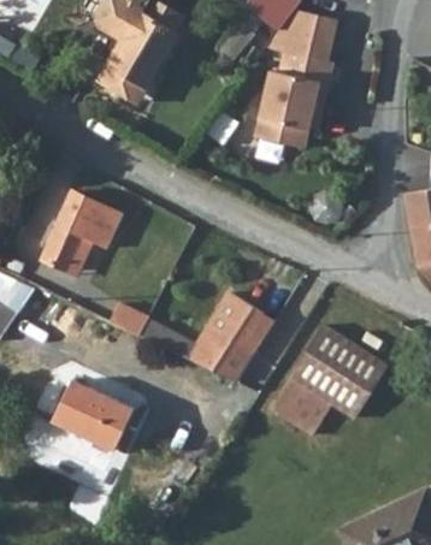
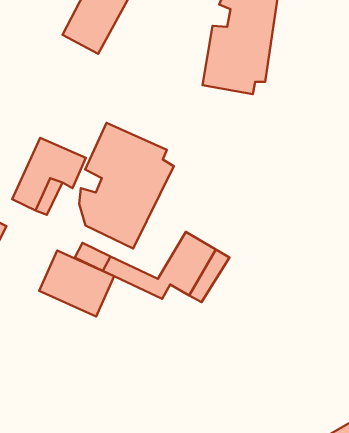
building: none -> [79,123,174,248]
building: [271,326,389,437] -> none
building: [53,380,134,451] -> [39,251,114,317]

